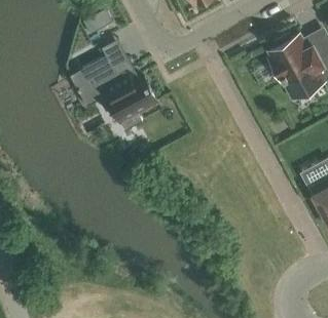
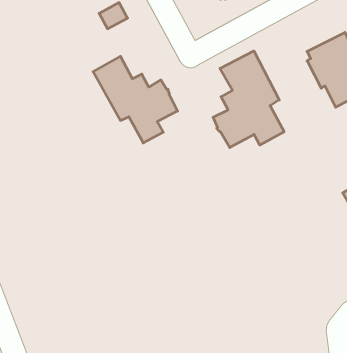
building: none -> [213,51,284,148]

